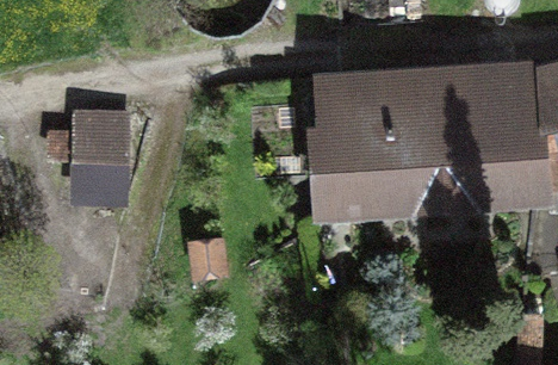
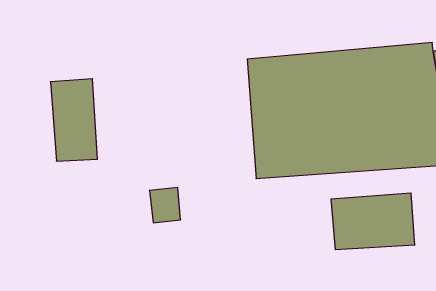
building: none -> [331,193,414,250]

